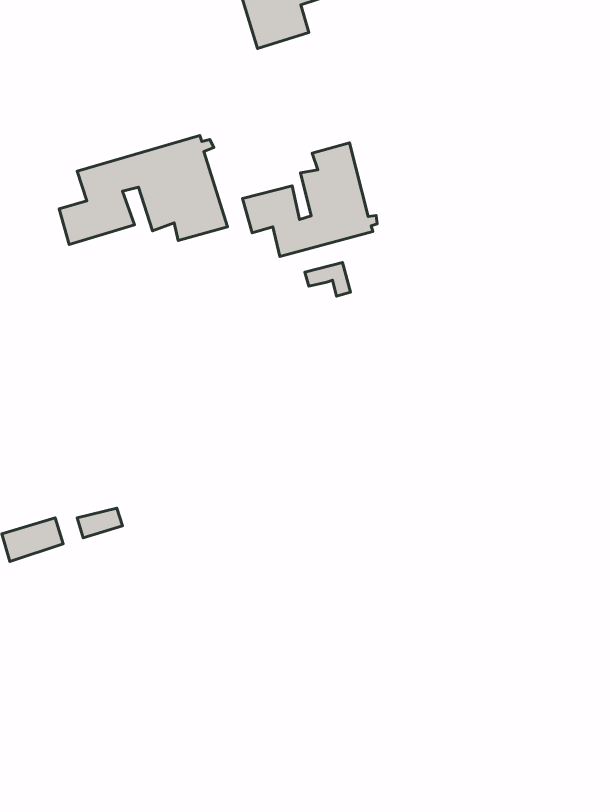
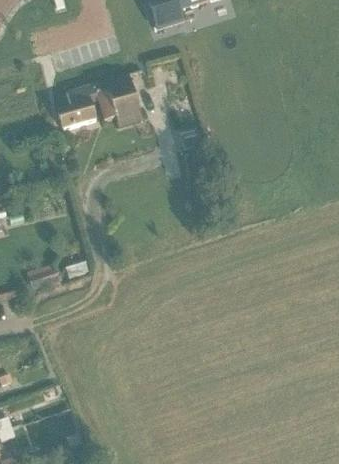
building: [242,143,377,256] -> none

